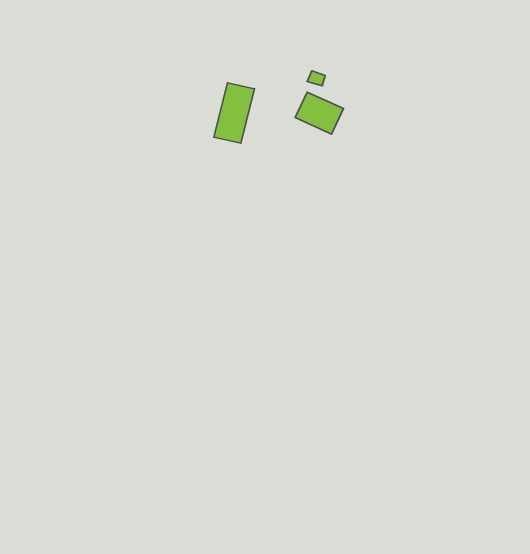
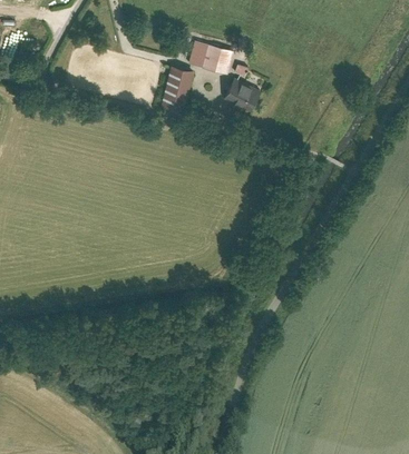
building: none -> [187,42,231,71]

